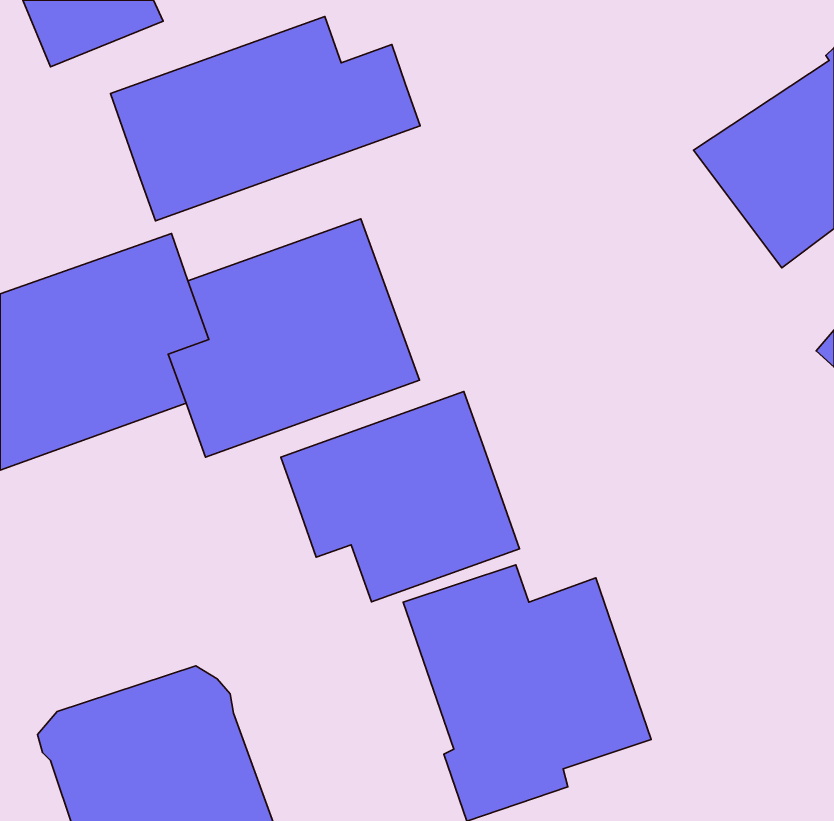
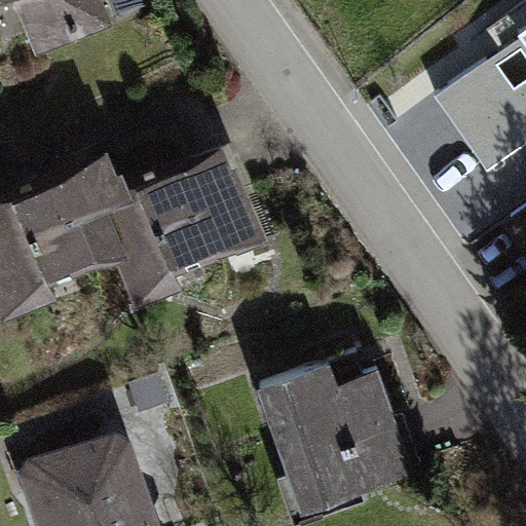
building: [111,16,420,221] -> none
building: [281,391,520,602] -> none

